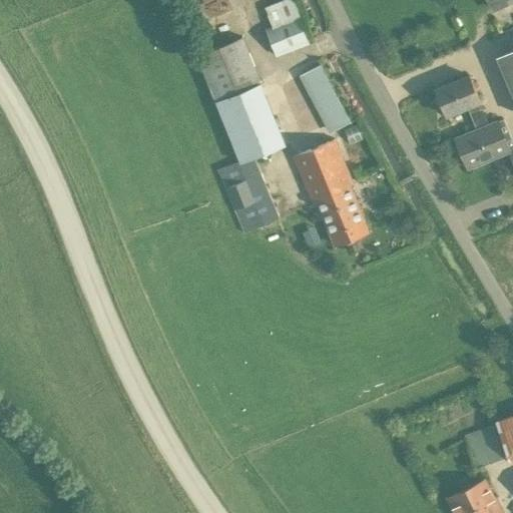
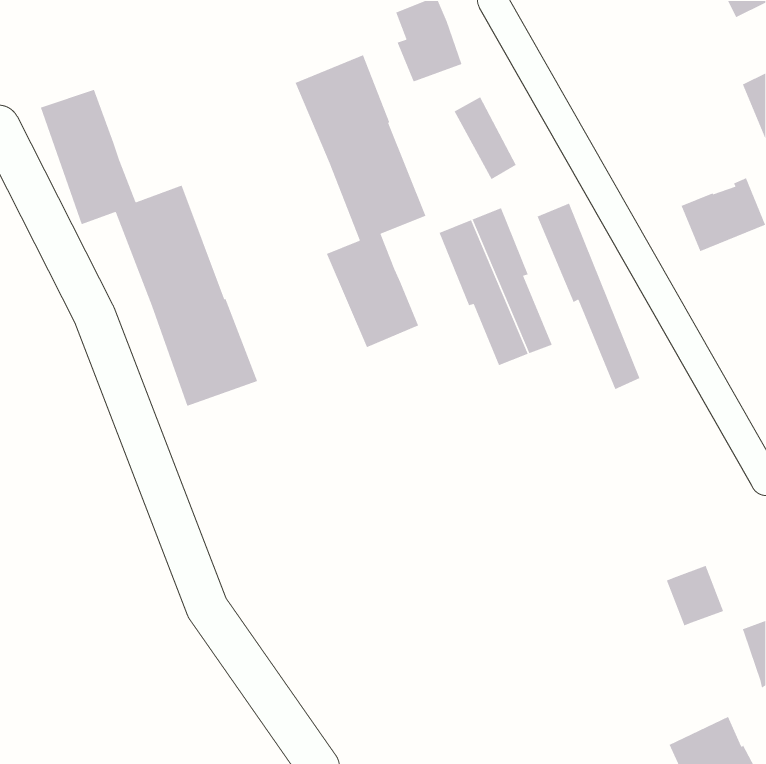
building: none -> [40,89,258,407]
building: [435,76,490,131] -> none
building: none -> [537,202,640,390]
building: [465,427,504,468] -> [666,565,724,627]

